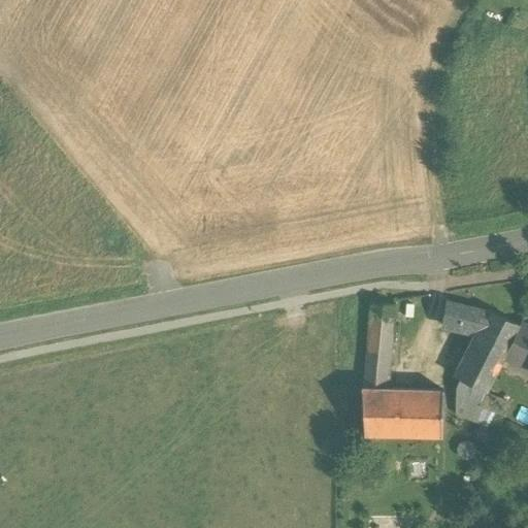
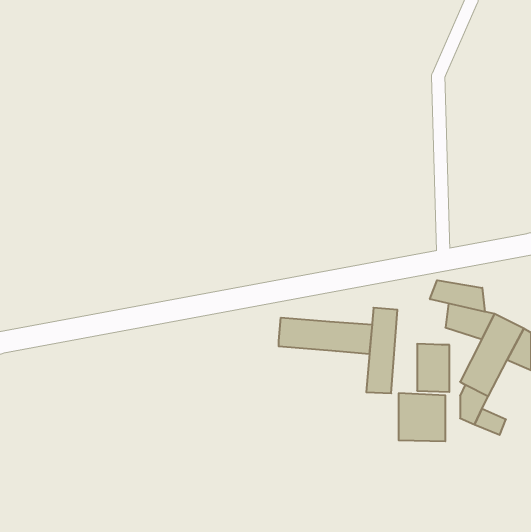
building: none -> [430,280,485,312]
building: none -> [279,318,372,354]
building: [362,389,394,436] -> [417,344,449,392]

